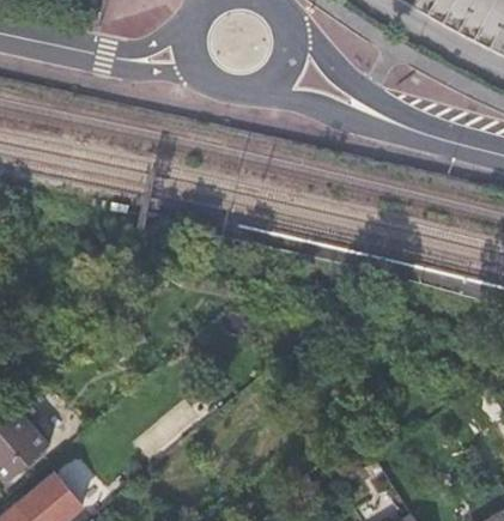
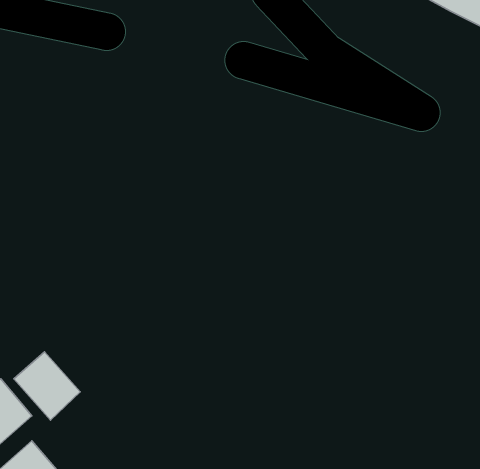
building: none -> [14,352,80,420]

